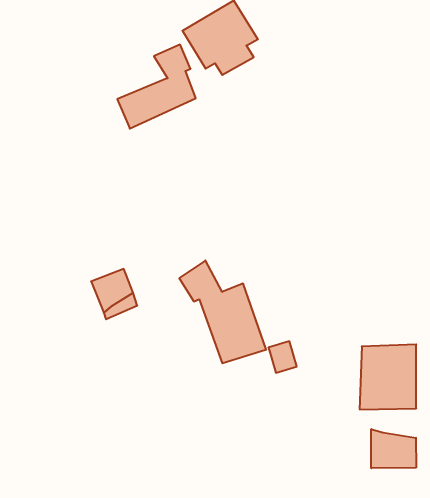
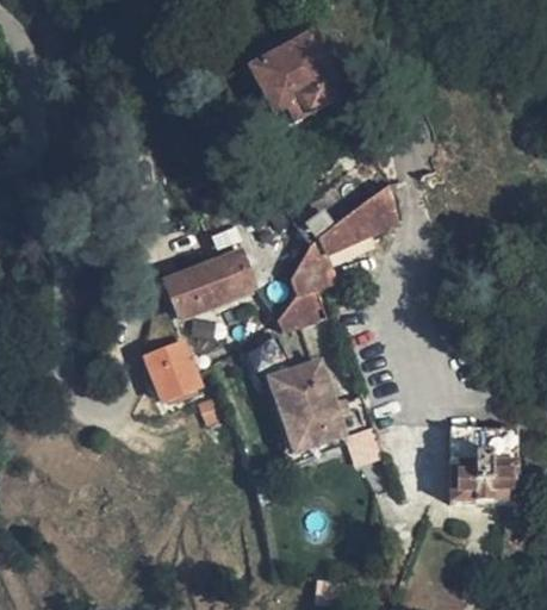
building: [117,45,196,129] -> [164,222,254,317]
building: none -> [278,187,396,331]
building: [371,429,416,468] -> none

